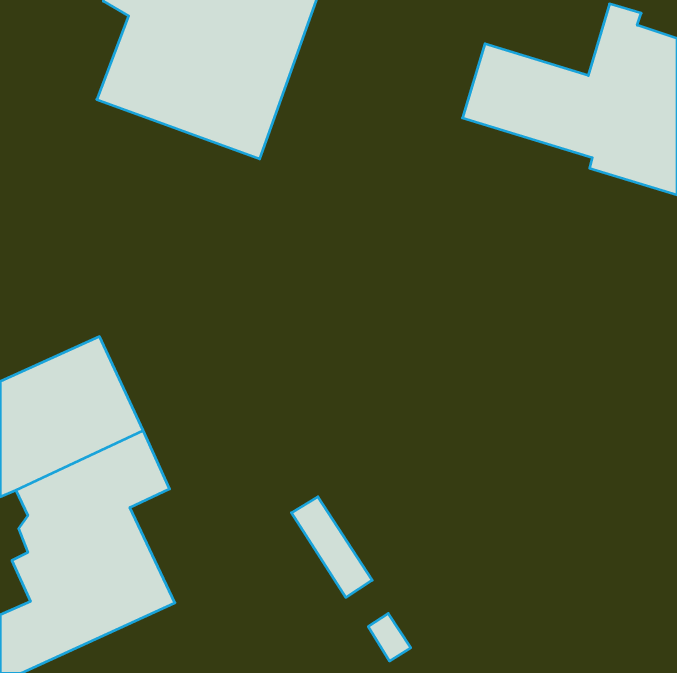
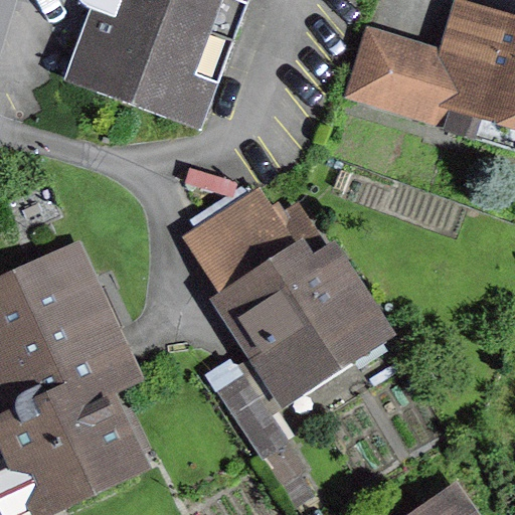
building: none -> [192,192,378,384]

